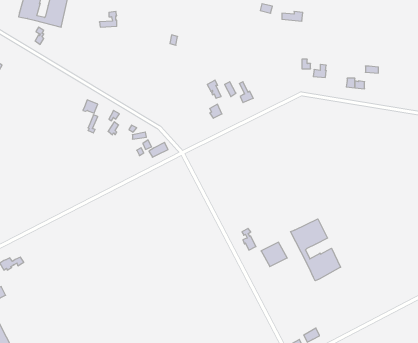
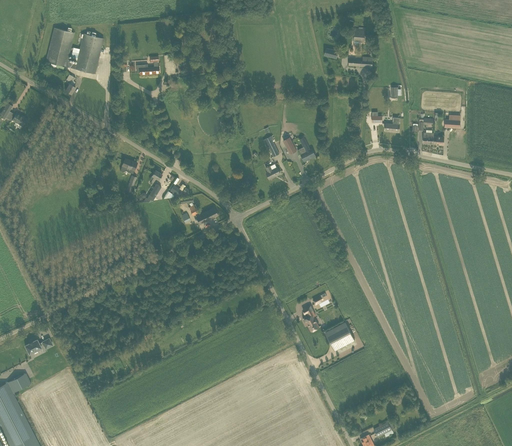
building: [291,219,341,281] -> none

